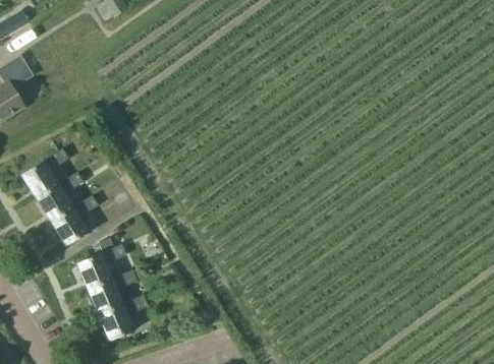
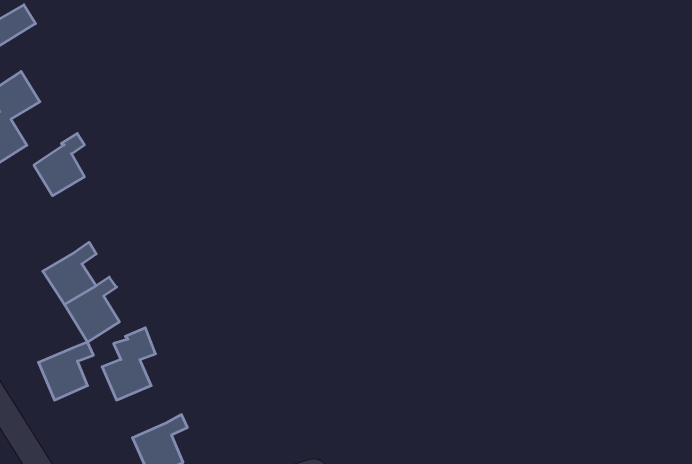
building: [21,153,57,196] -> [34,133,84,196]
building: [87,272,125,313] -> [38,342,93,400]

